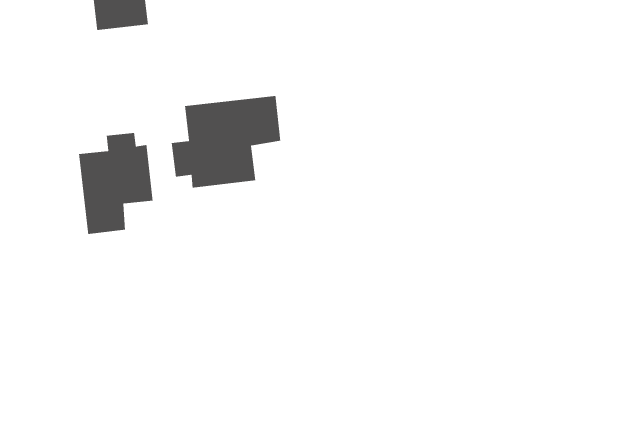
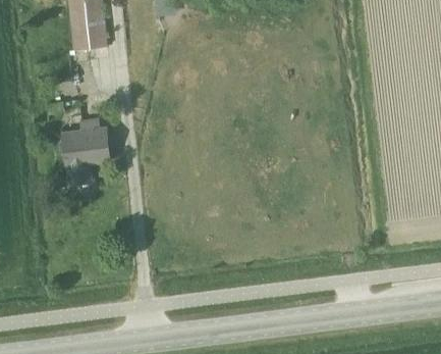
building: [171,95,281,189] -> none

